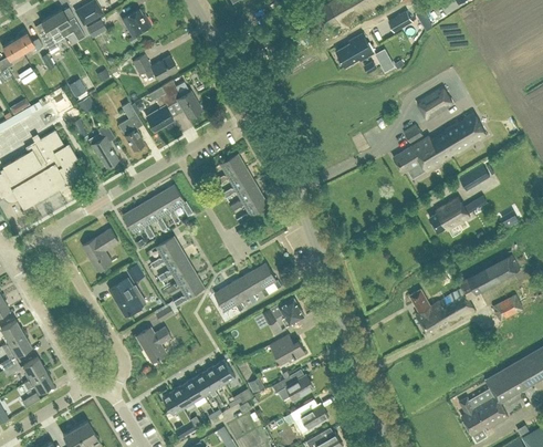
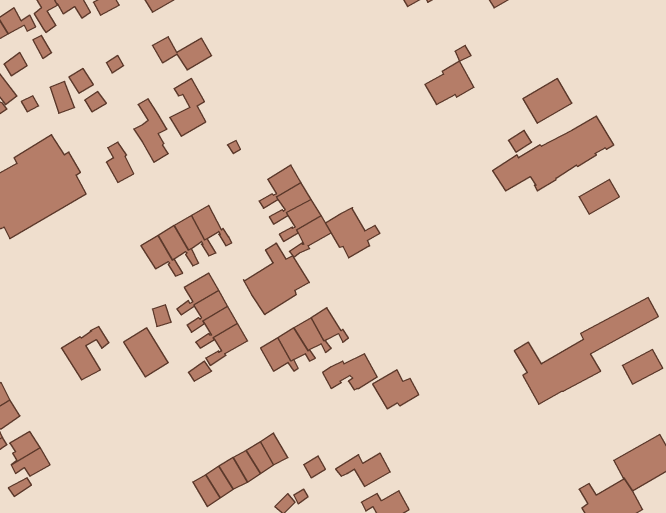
building: [336,34,374,67] -> [425,61,474,105]
building: [161,82,201,118] -> none
building: none -> [325,208,380,258]
building: [429,197,470,233] -> none
building: none -> [244,243,309,315]
building: [82,230,118,271] -> [61,327,109,380]
building: [137,328,171,363] -> none
building: [270,335,305,365] -> [373,370,419,409]

